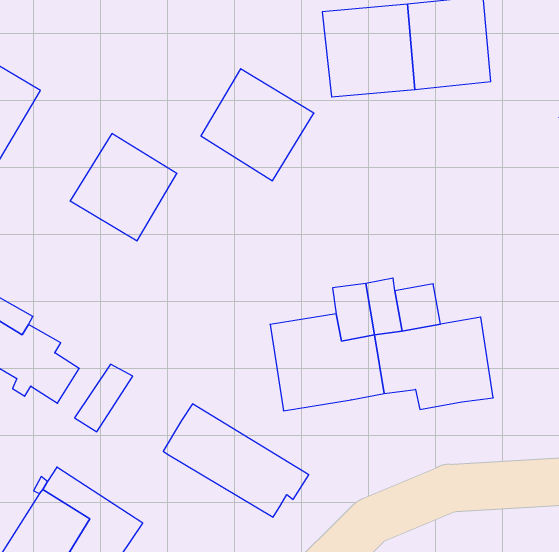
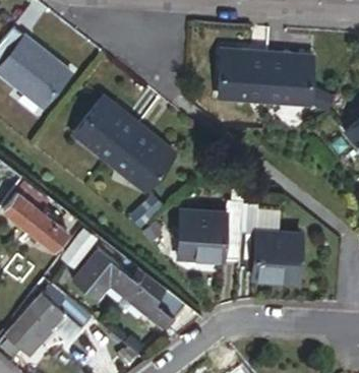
building: [201,69,314,181] -> [109,130,172,193]
building: none -> [74,249,120,299]

